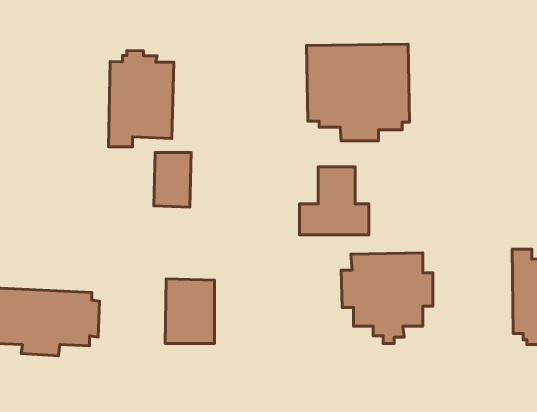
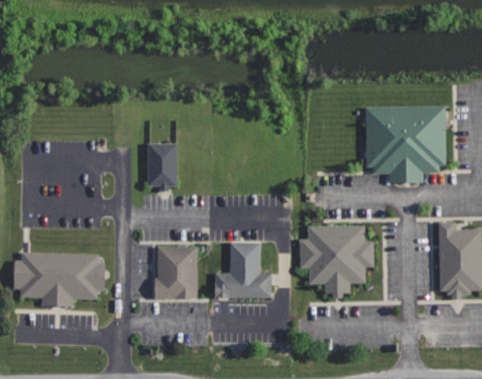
building: [307,44,409,141] -> [365,105,449,183]
building: [108,51,174,147] -> none
building: [299,167,369,235] -> [216,242,272,297]

